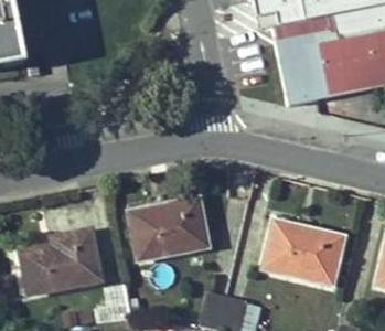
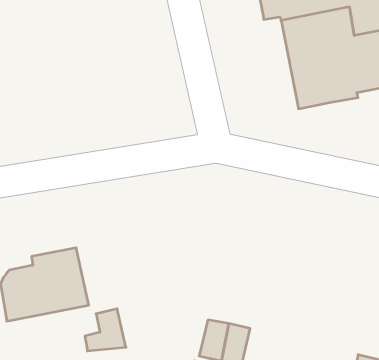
building: [131,197,211,258] -> none
building: [264,220,344,284] -> none

